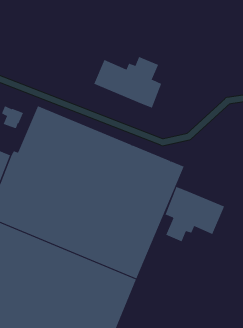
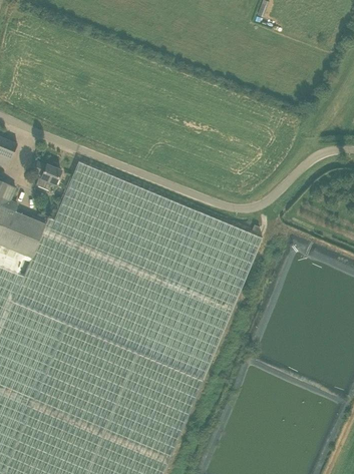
building: [94,56,162,109] -> none
building: [165,186,225,242] -> none

